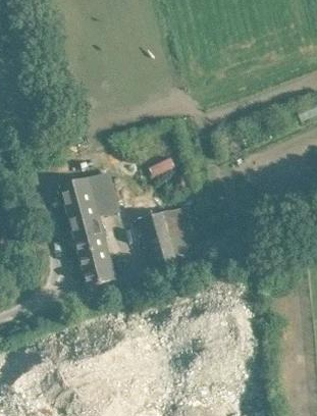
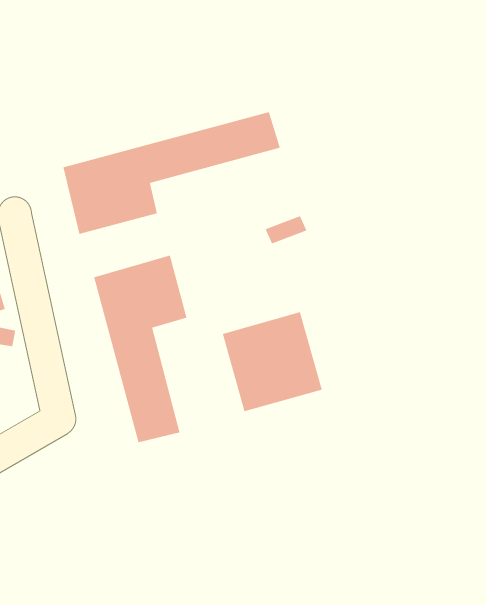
building: none -> [62,111,281,235]

